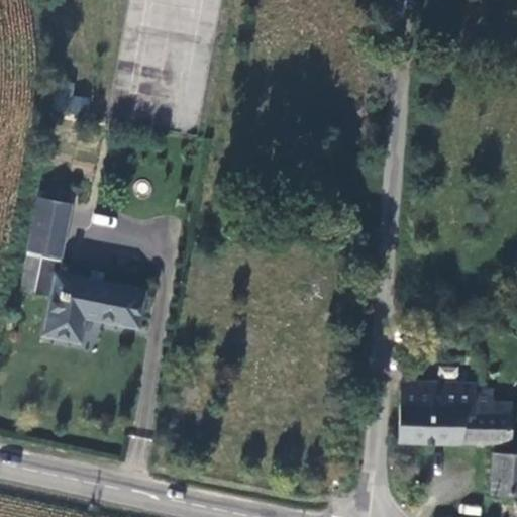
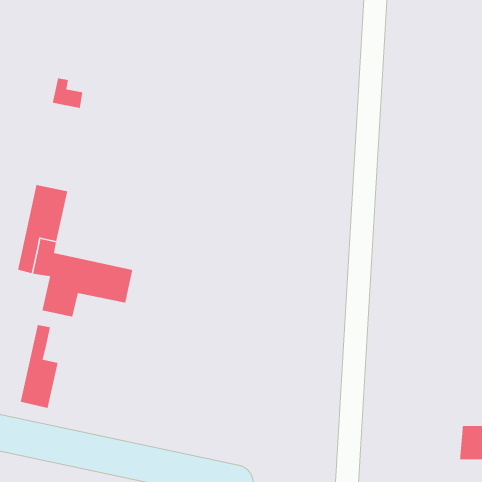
building: none -> [20,324,58,409]
building: [400,383,510,445] -> none

